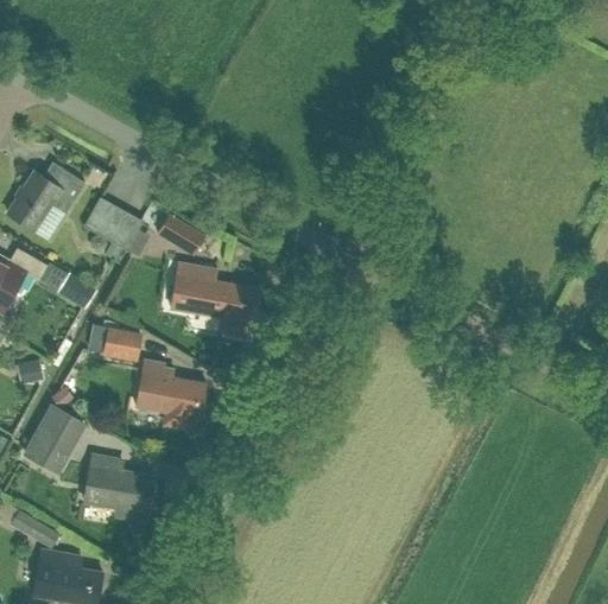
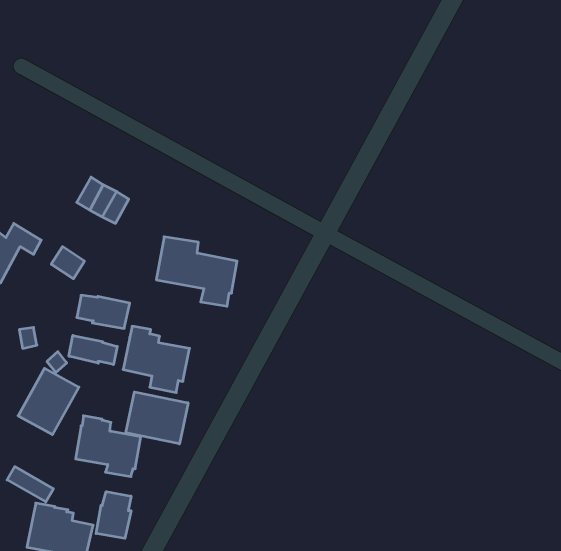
building: [7,165,84,230] -> none
building: [156,215,204,256] -> none
building: none -> [69,335,117,365]
building: none -> [126,392,188,444]
building: none -> [96,492,131,538]

